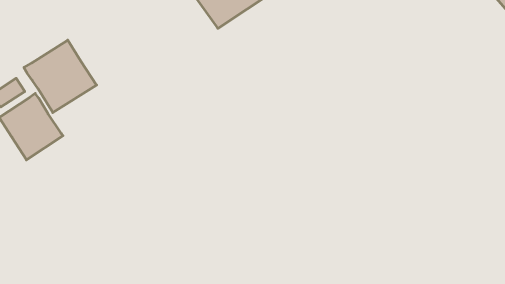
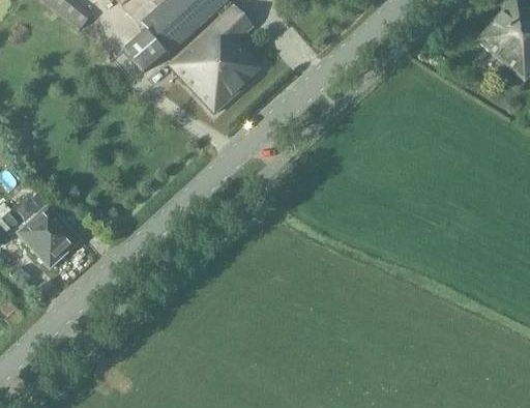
building: [24,40,97,113] -> none

